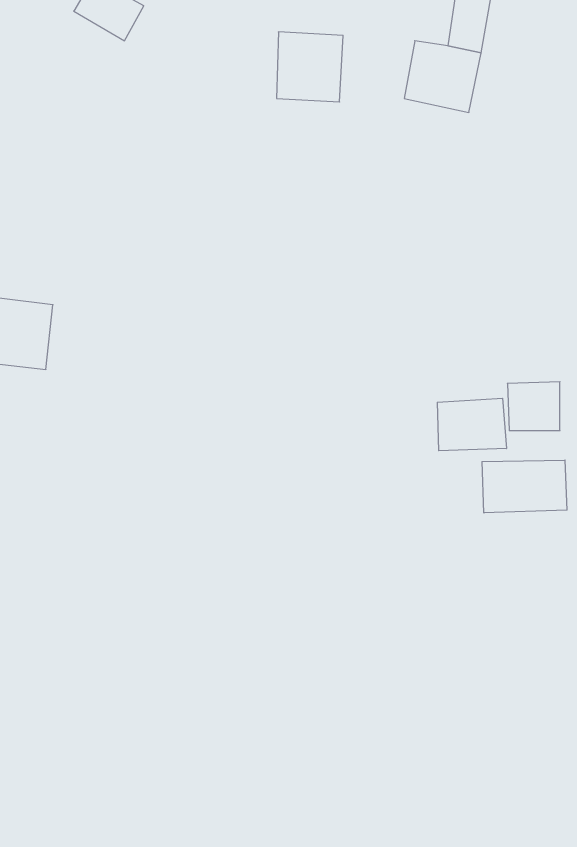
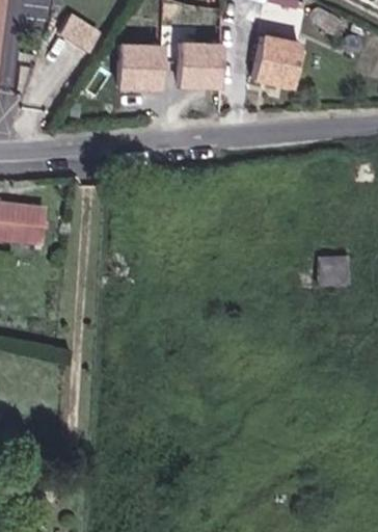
building: none -> [119,46,162,90]
building: [437,398,506,451] -> none
building: [482,460,567,513] -> none

